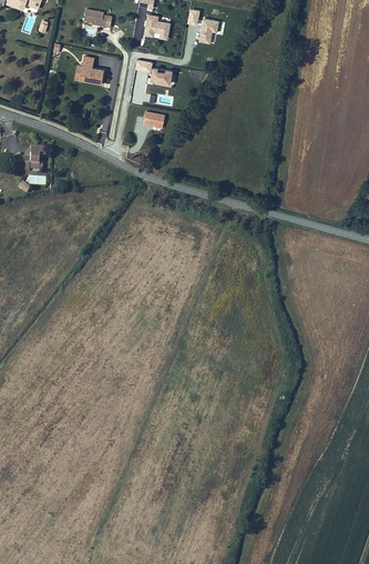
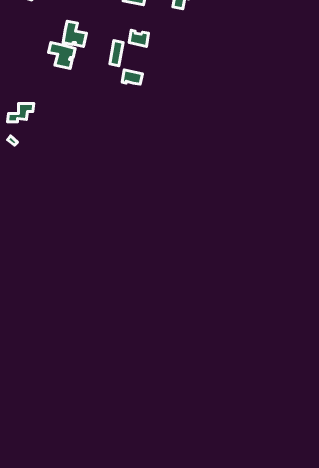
building: none -> [48,42,75,68]

